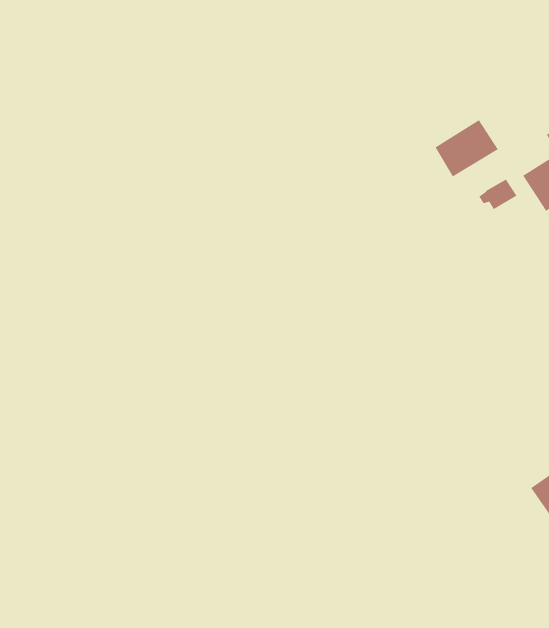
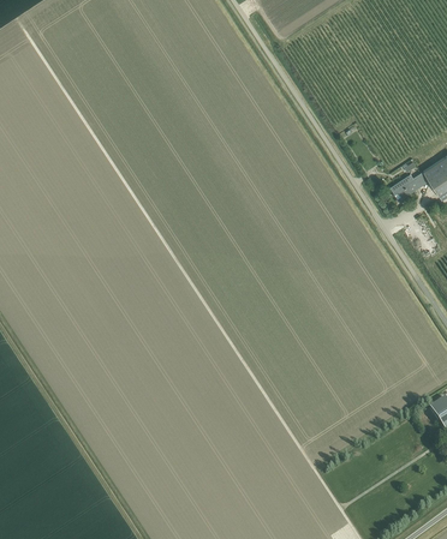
building: [434,119,499,177] -> none

